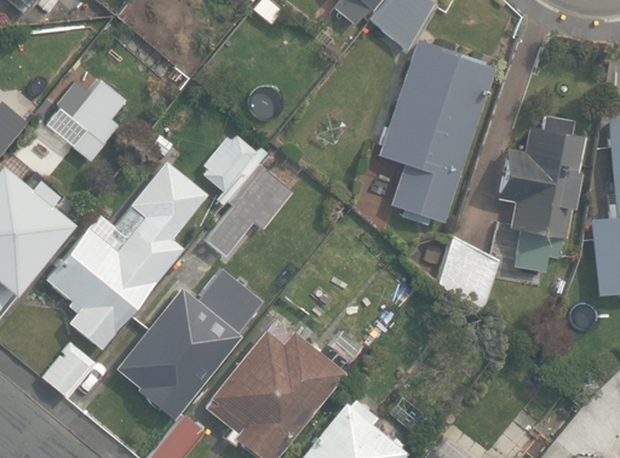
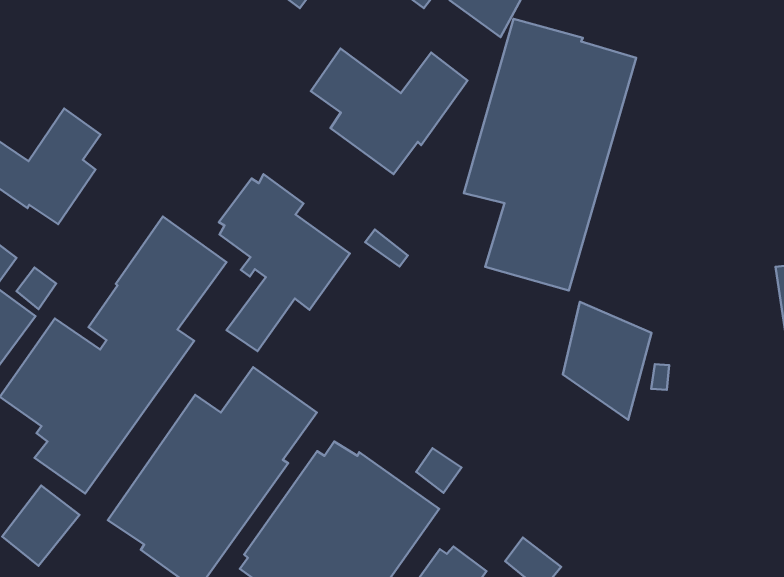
building: none -> [311,49,468,174]
building: [496,115,582,273] -> none

